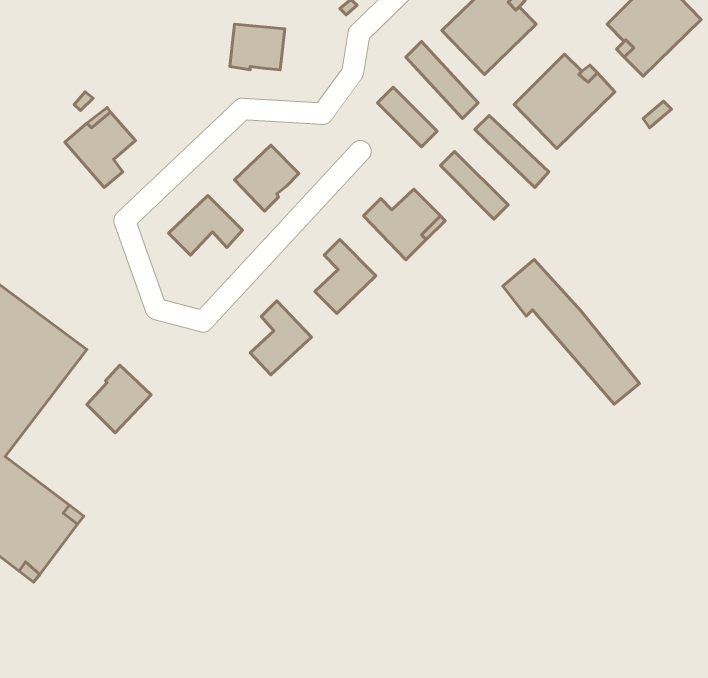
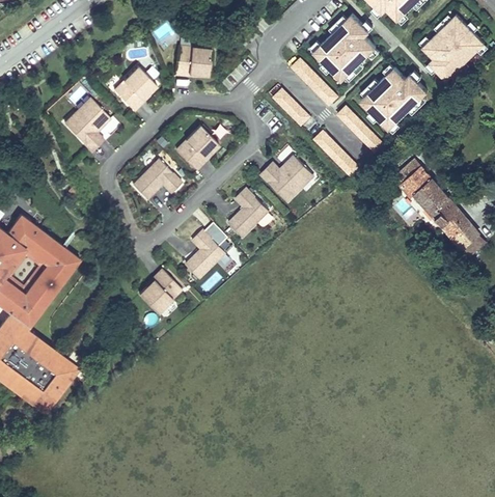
building: none -> [109,62,152,106]
building: [503,259,639,404] -> [394,161,485,256]
building: [87,365,151,433] -> [140,269,183,313]

